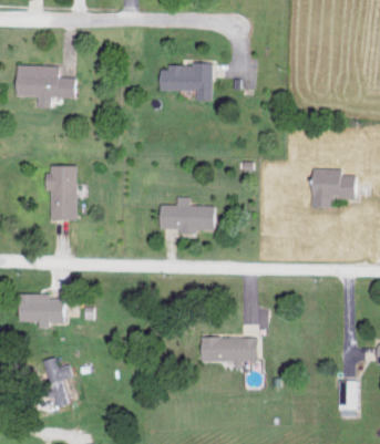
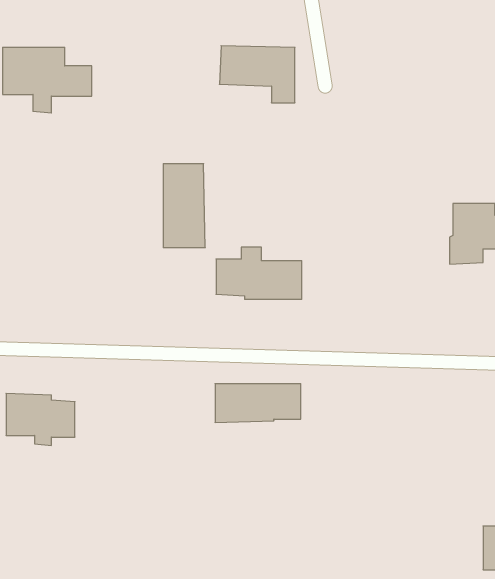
building: [49,165,76,220] -> [163,164,205,248]
building: [203,338,259,363] -> [215,384,301,422]
building: [41,358,72,407] -> none

